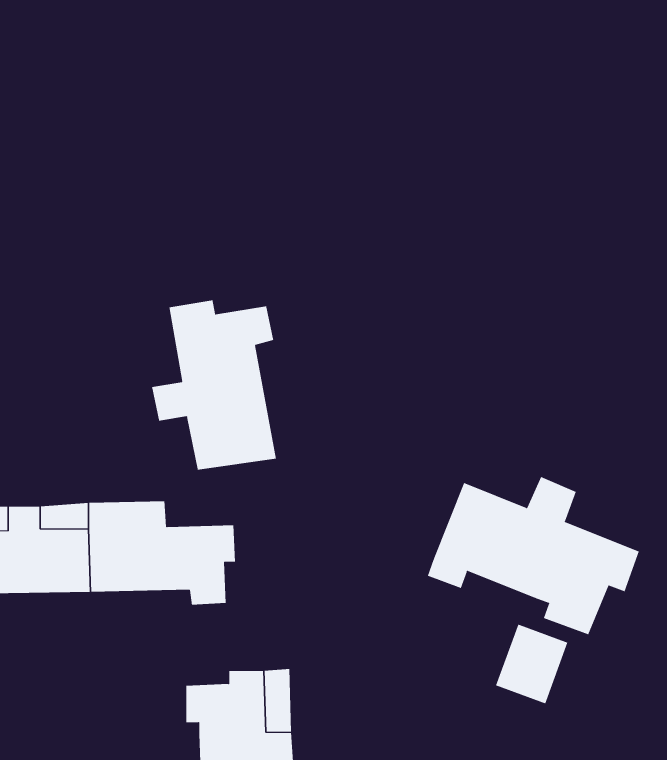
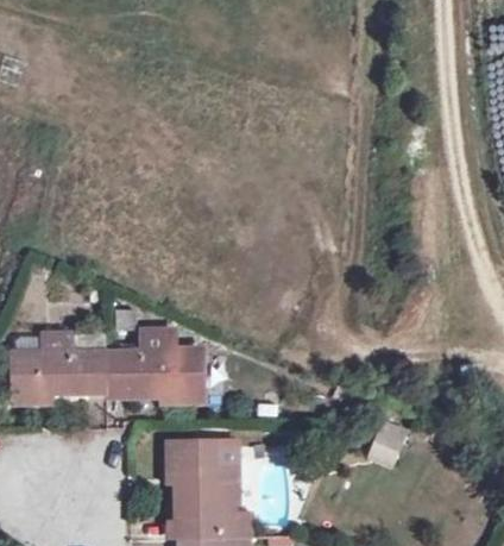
building: [152,300,277,470] -> none
building: [427,476,640,635] -> none

